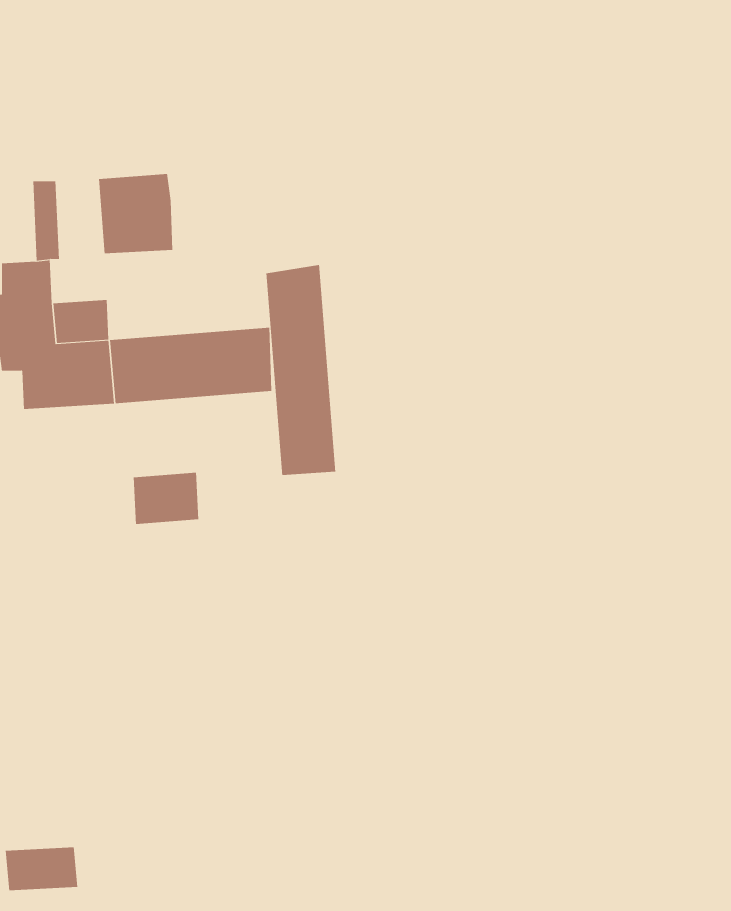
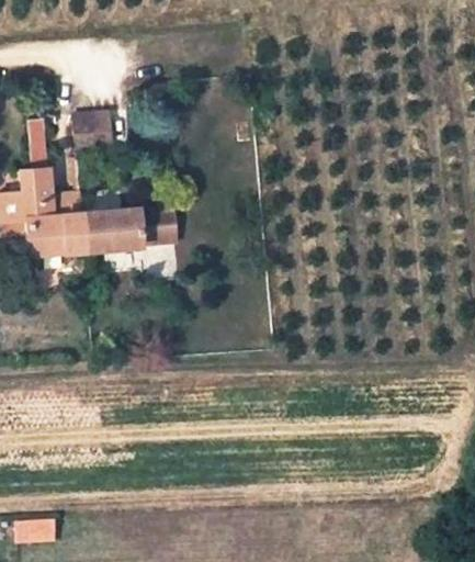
building: [266,264,336,476] -> none
building: [133,472,199,525] -> none

